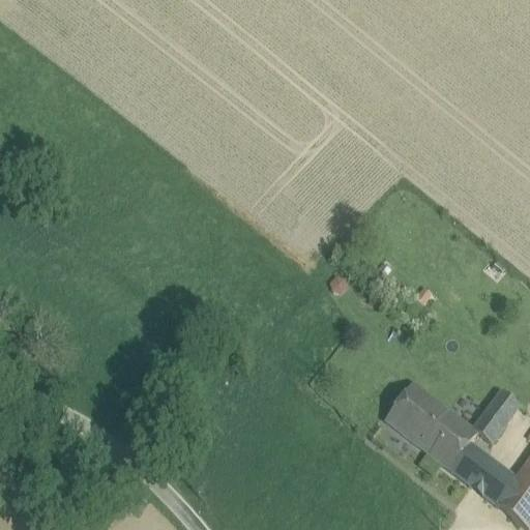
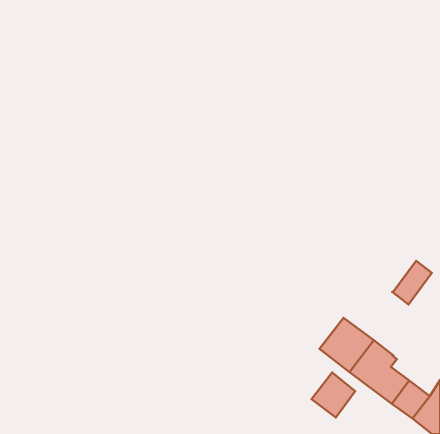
building: [472,390,520,443] -> [392,261,432,305]
building: none -> [312,373,355,418]

